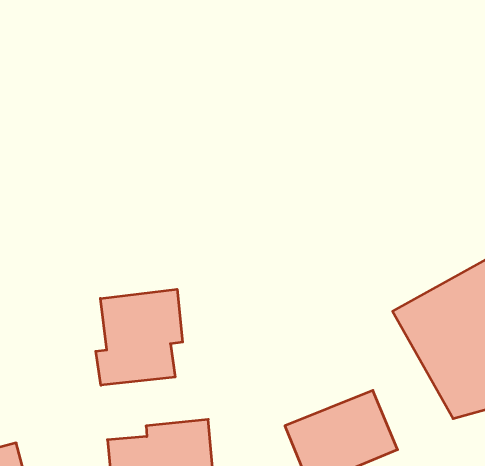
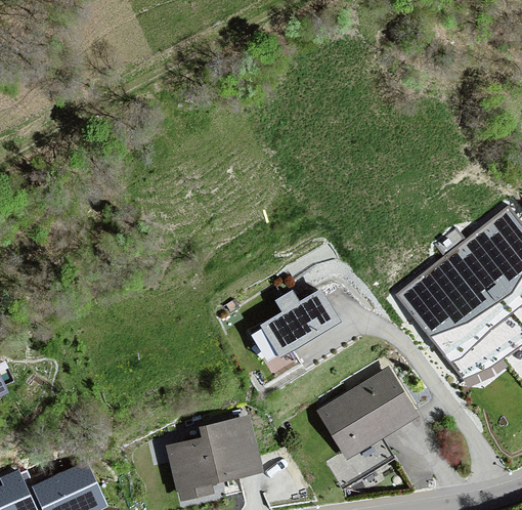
building: none -> [259,288,342,359]
building: [96,289,183,385] -> none

